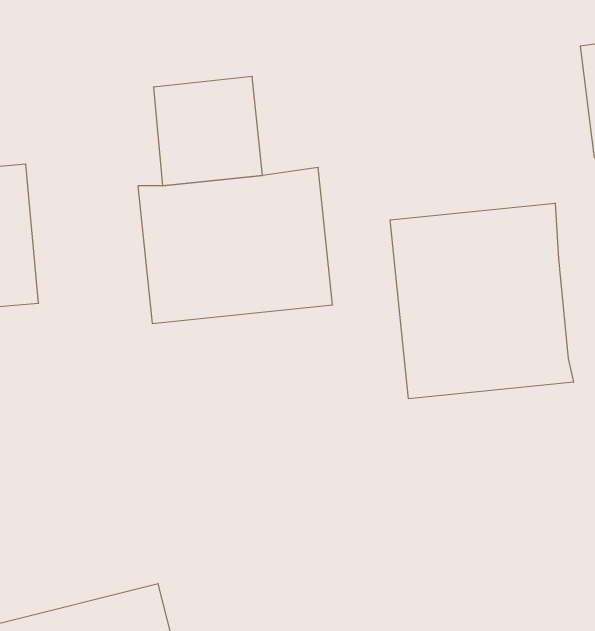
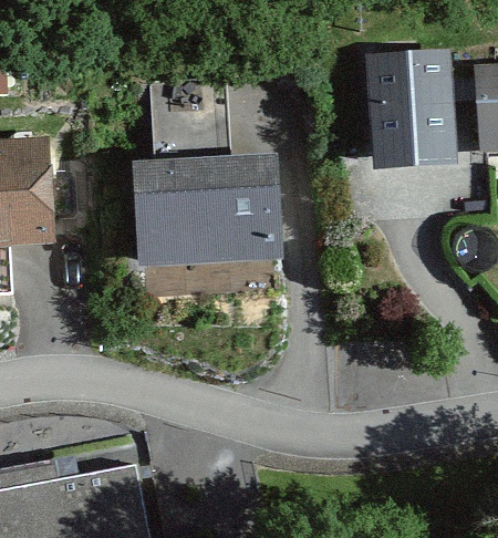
building: none -> [369,52,459,173]
building: [390,203,574,399] -> none

